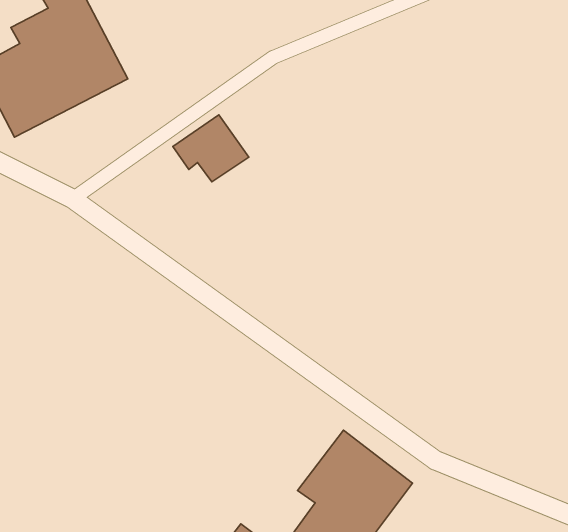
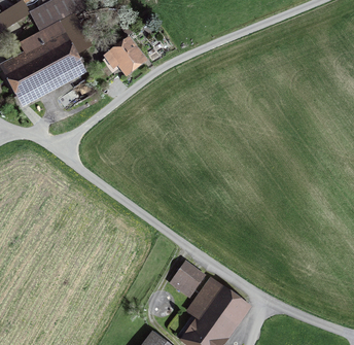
building: [173,115,249,182] -> [102,36,146,75]
building: none -> [169,261,205,299]

